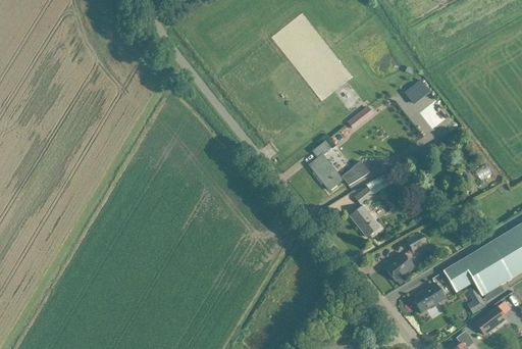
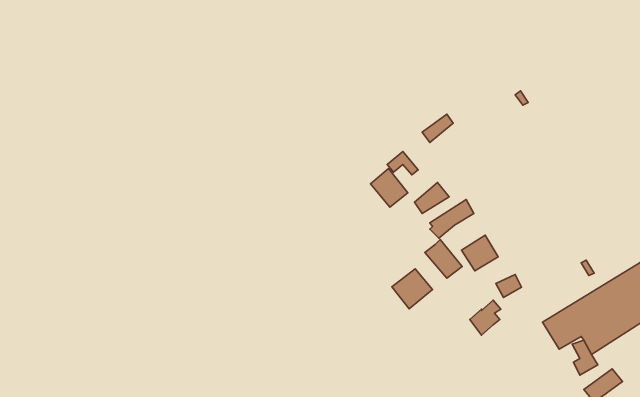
building: none -> [462,235,498,271]
building: none -> [392,269,433,309]
building: [412,282,446,312] -> none

